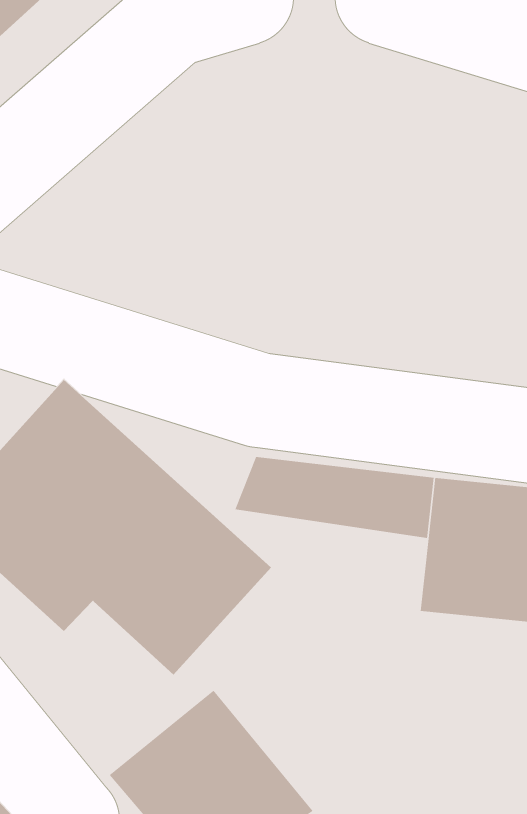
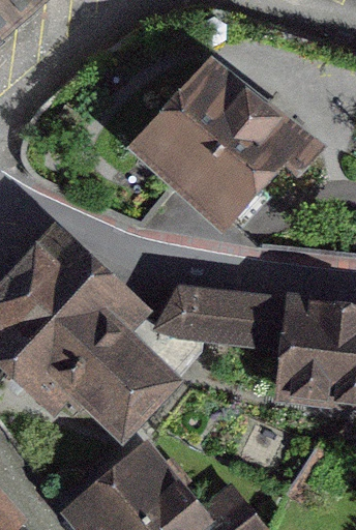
building: none -> [137,71,294,229]

